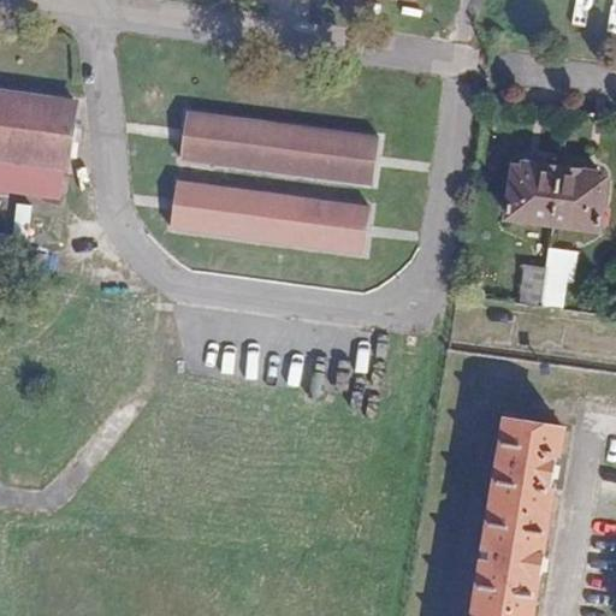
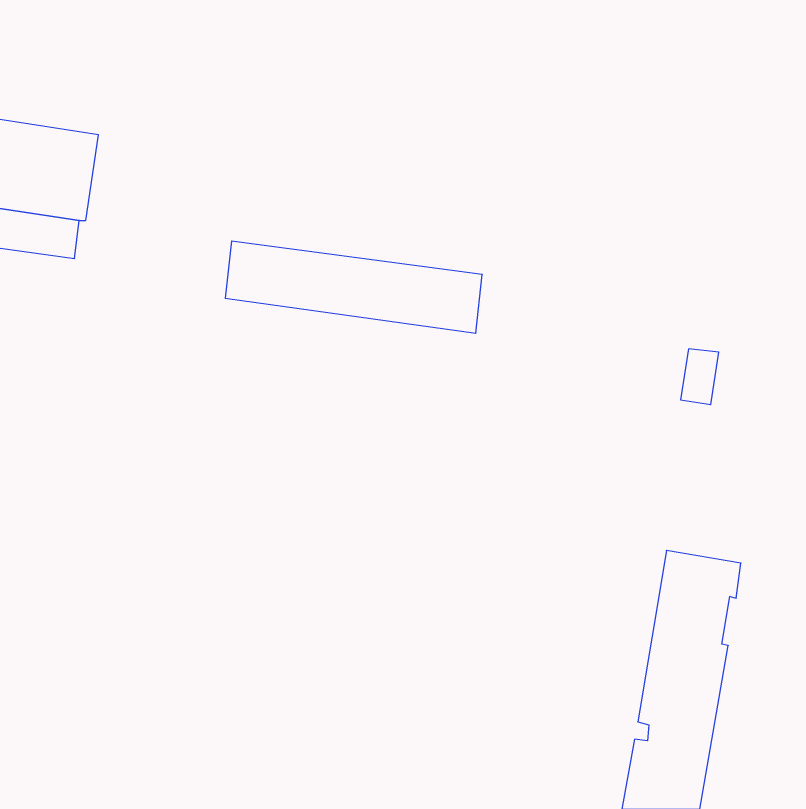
building: [179,113,375,183] -> none
building: [505,165,603,230] -> none
building: [539,249,571,309] -> none

